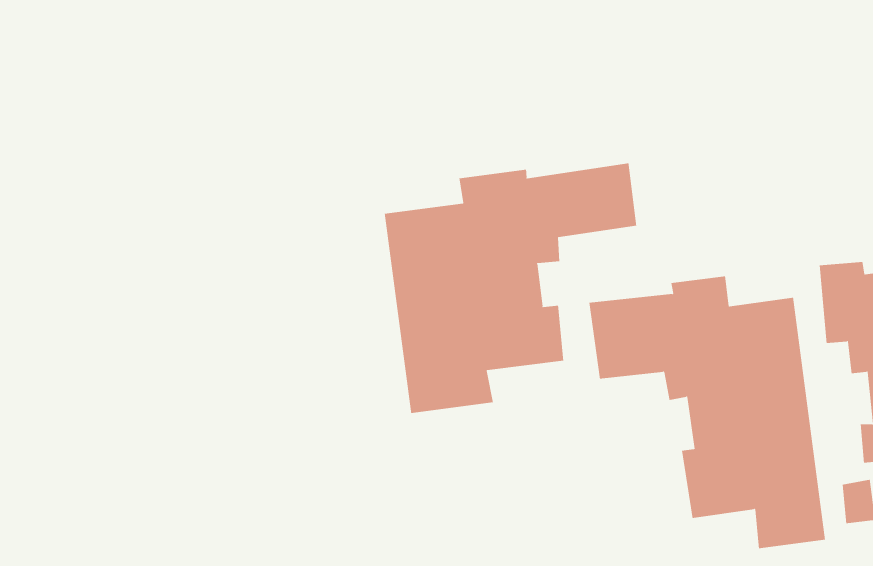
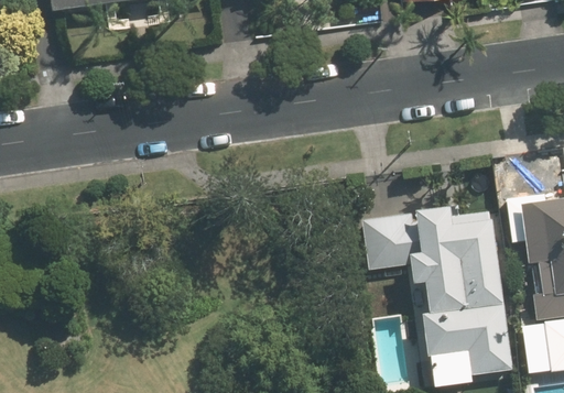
building: [384,163,637,414] -> none

